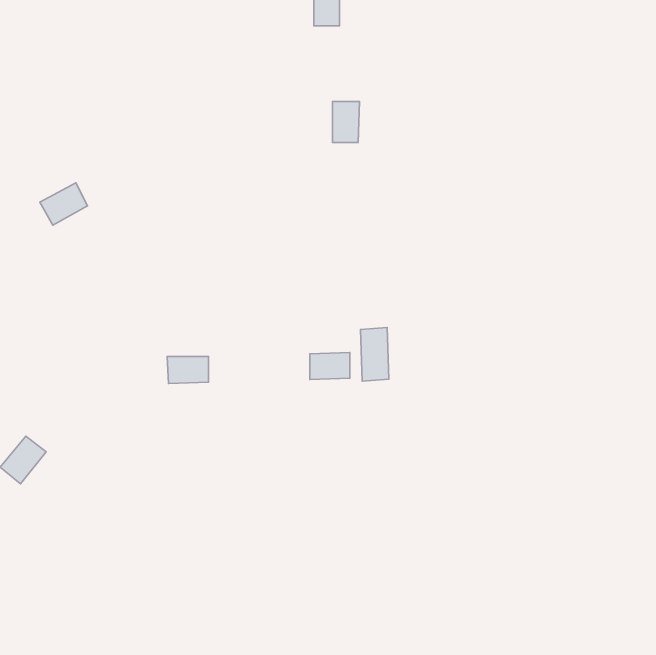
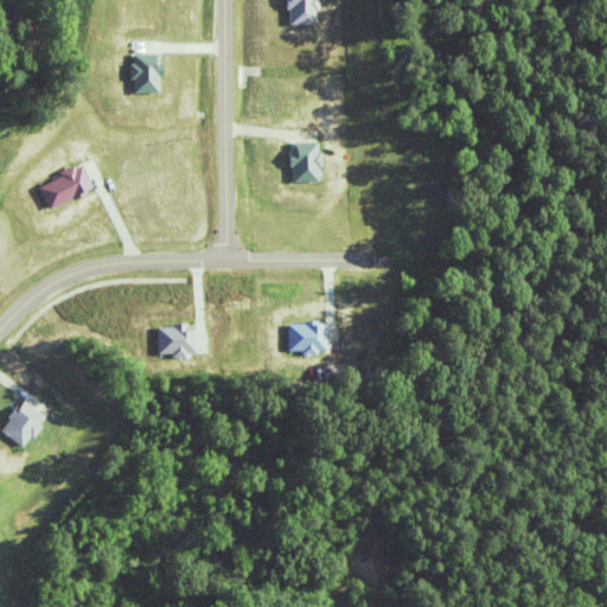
building: none -> [135,55,159,92]
building: [332,101,359,143] -> [295,145,320,183]
building: [360,328,389,381] -> none

